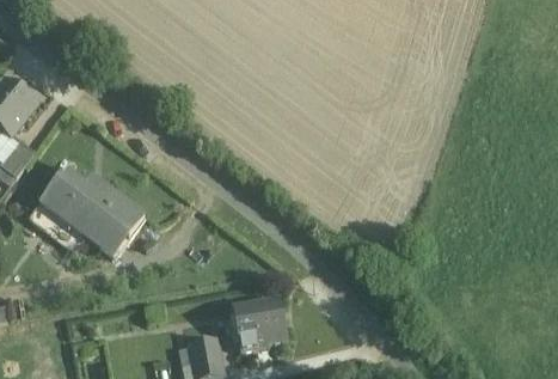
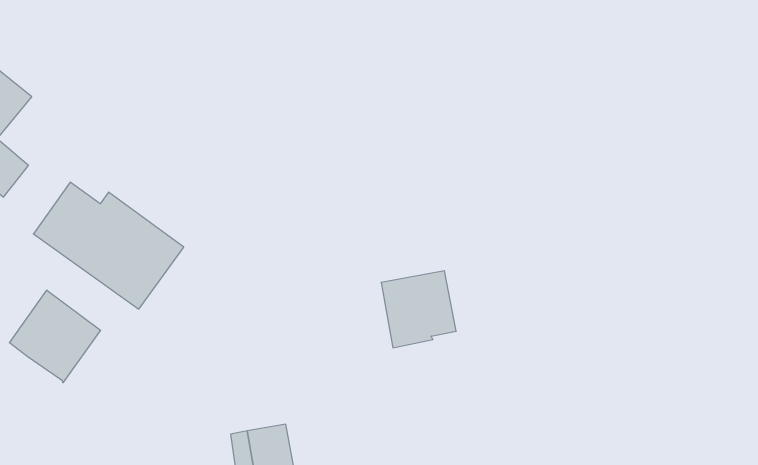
building: none -> [9,290,101,383]
building: [233,298,287,353] -> [381,271,456,348]

